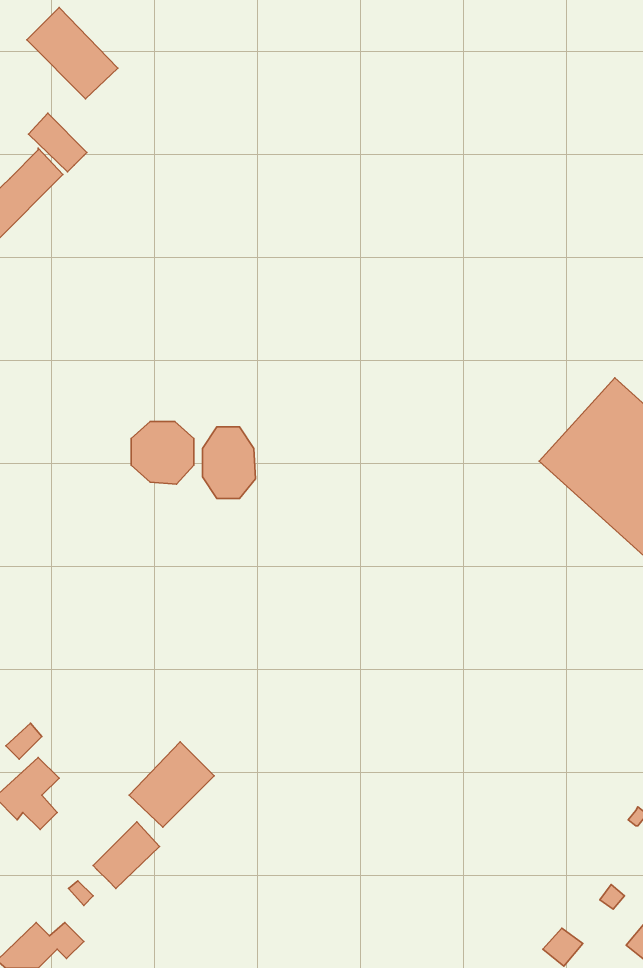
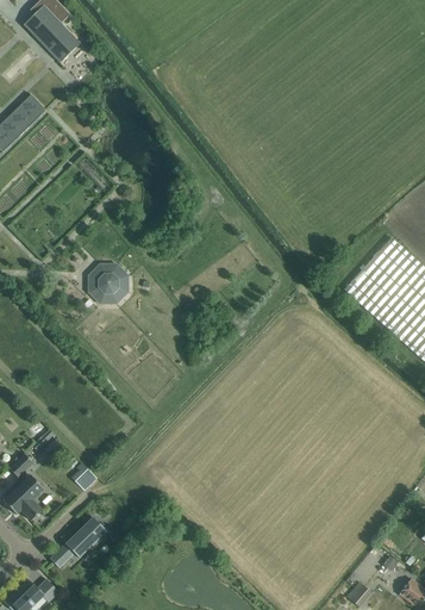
building: [28,113,87,172] -> none
building: [202,427,256,498] -> none
building: [129,742,214,827] -> none

